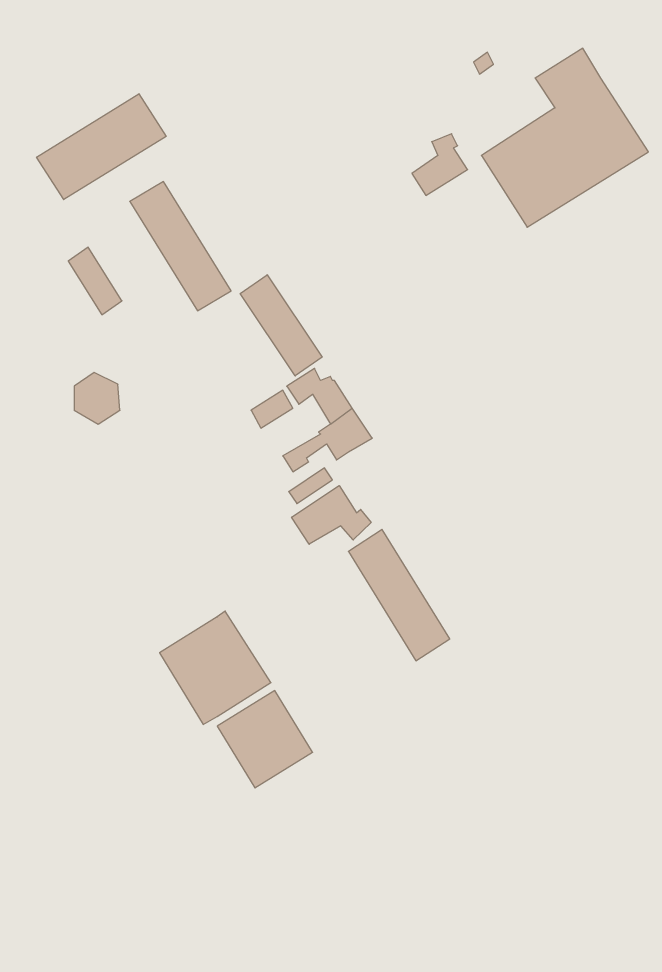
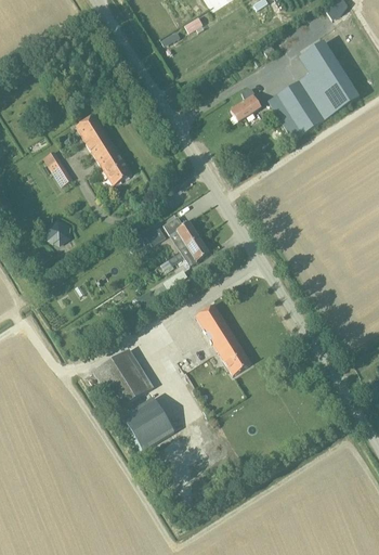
building: [37,94,166,200] -> none
building: [240,275,322,376] -> none
building: [292,486,371,544] -> none

